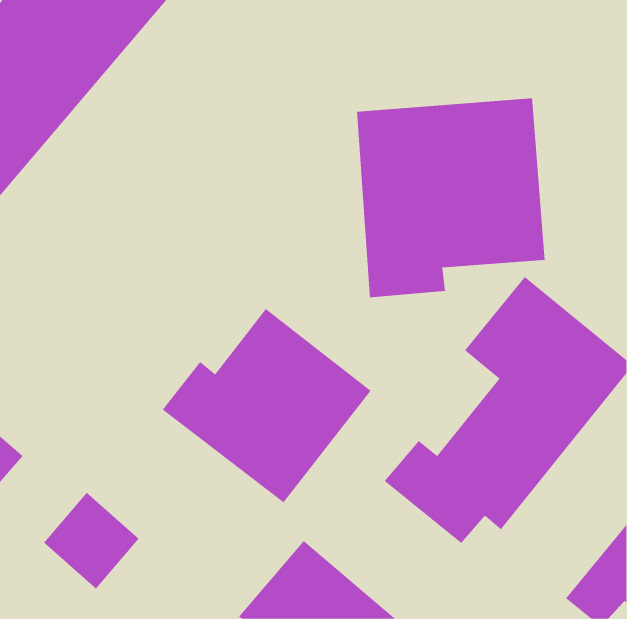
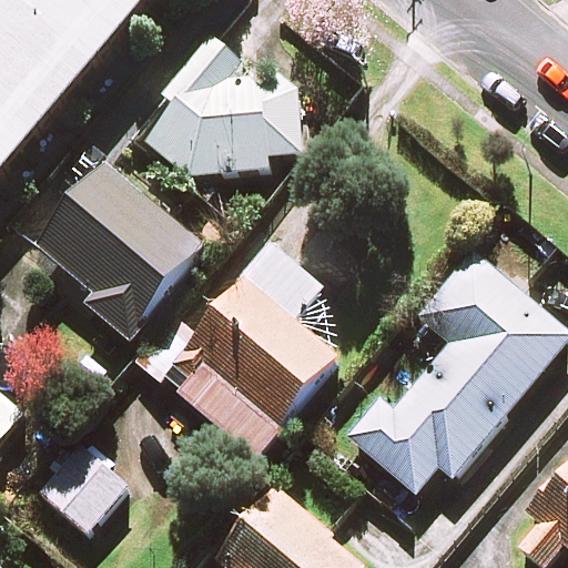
building: none -> [144,79,302,173]
building: [356,97,545,298] -> none
building: none -> [32,161,201,335]

